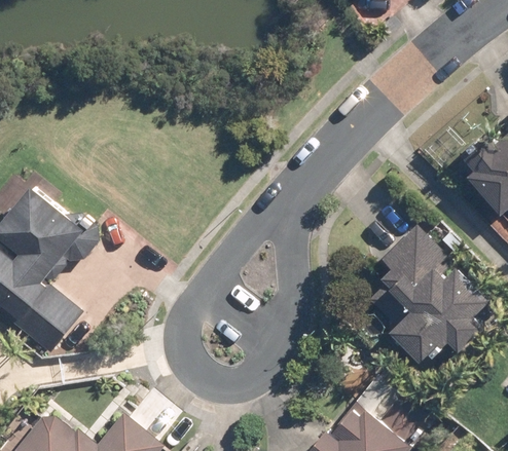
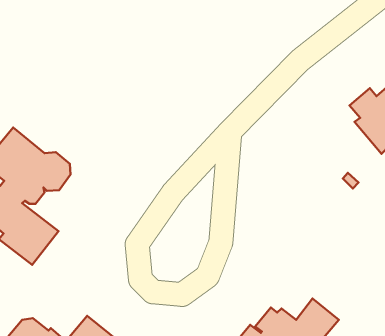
building: [372,232,489,369] -> none

